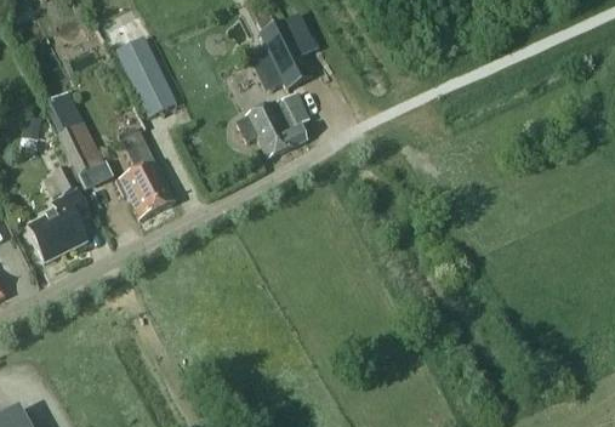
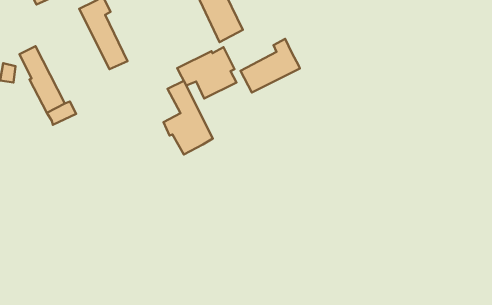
building: none -> [240,39,300,92]
building: [115,130,175,218] -> [163,81,213,155]
building: [27,165,90,261] -> none

